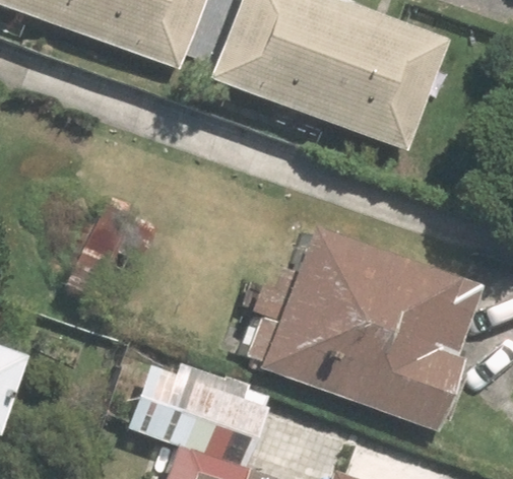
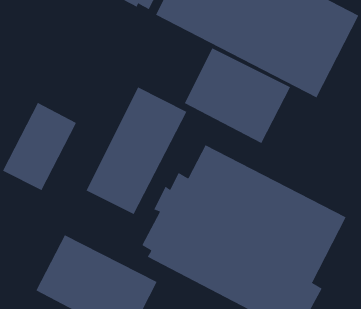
building: none -> [184,48,291,144]
building: none -> [86,86,187,215]

